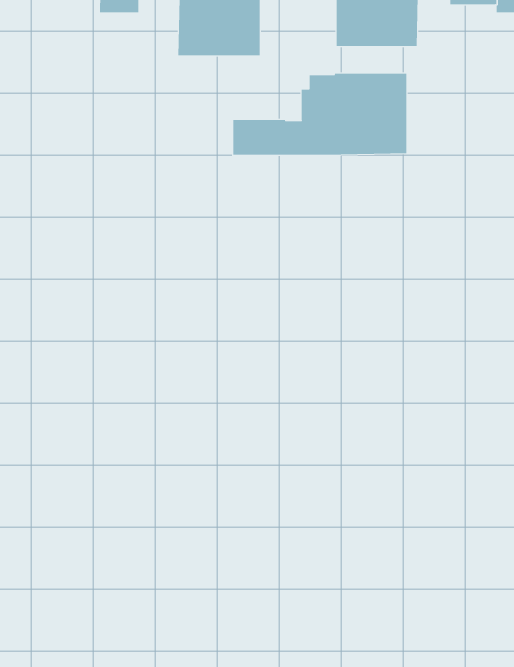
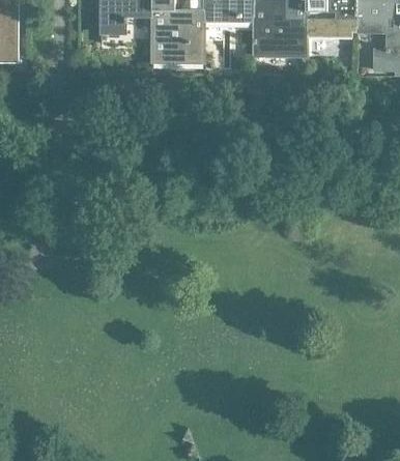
building: [233,73,407,156] -> none

